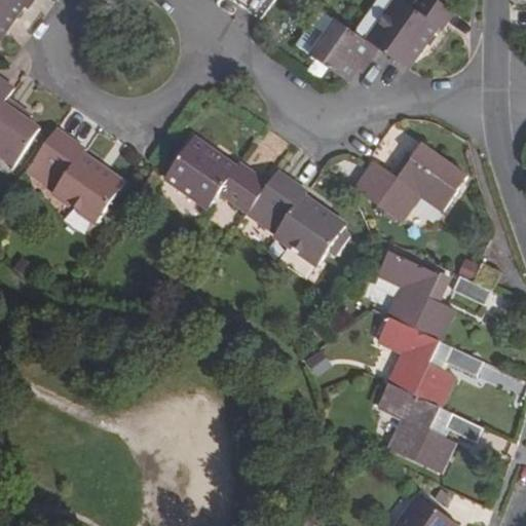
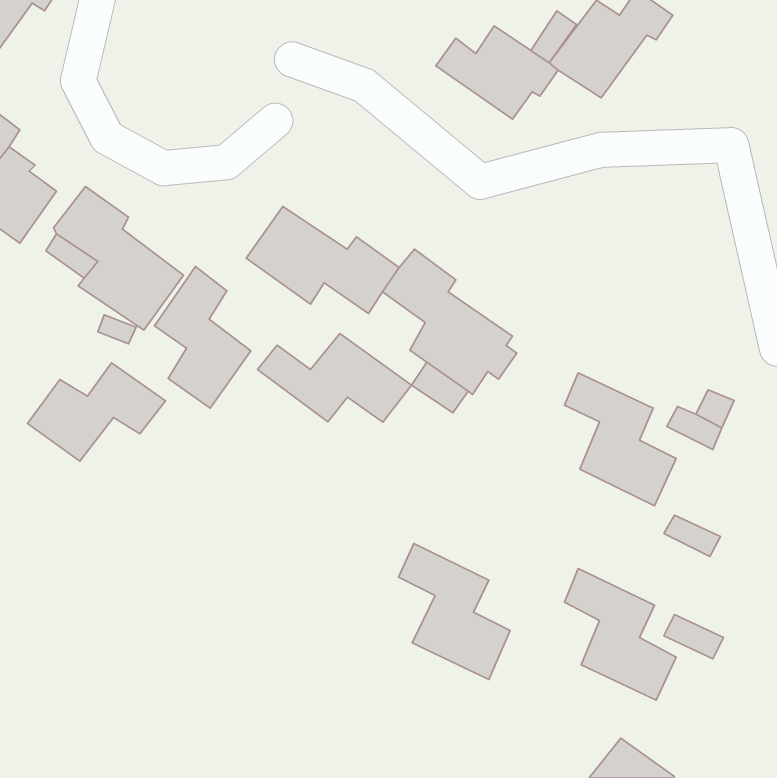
building: [355,144,463,220] -> none
building: none -> [155,267,251,408]
building: none -> [257,334,411,422]
building: none -> [28,363,165,461]
building: [379,315,454,407] -> [398,543,510,679]

